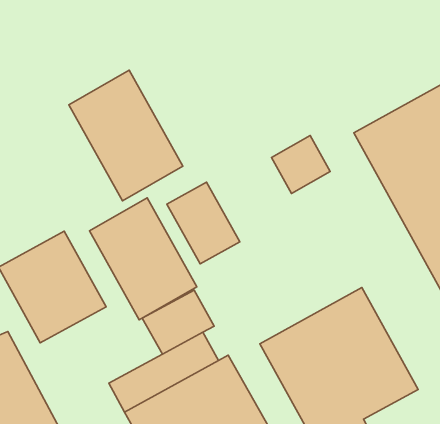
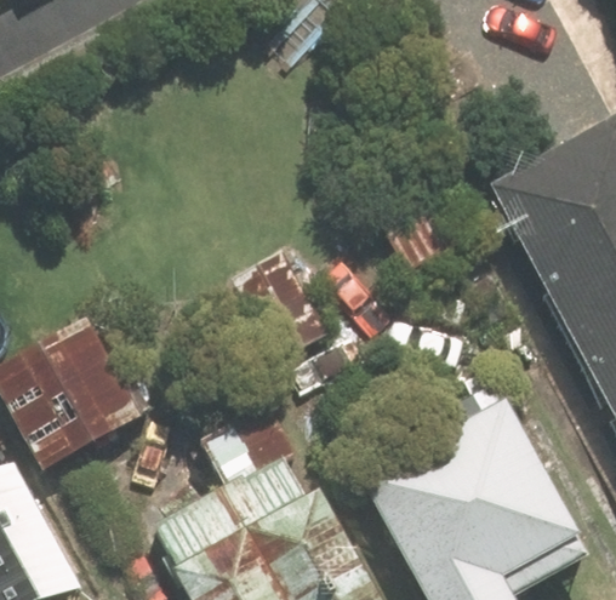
building: [69,70,183,201] -> none
building: [89,198,197,320] -> none

